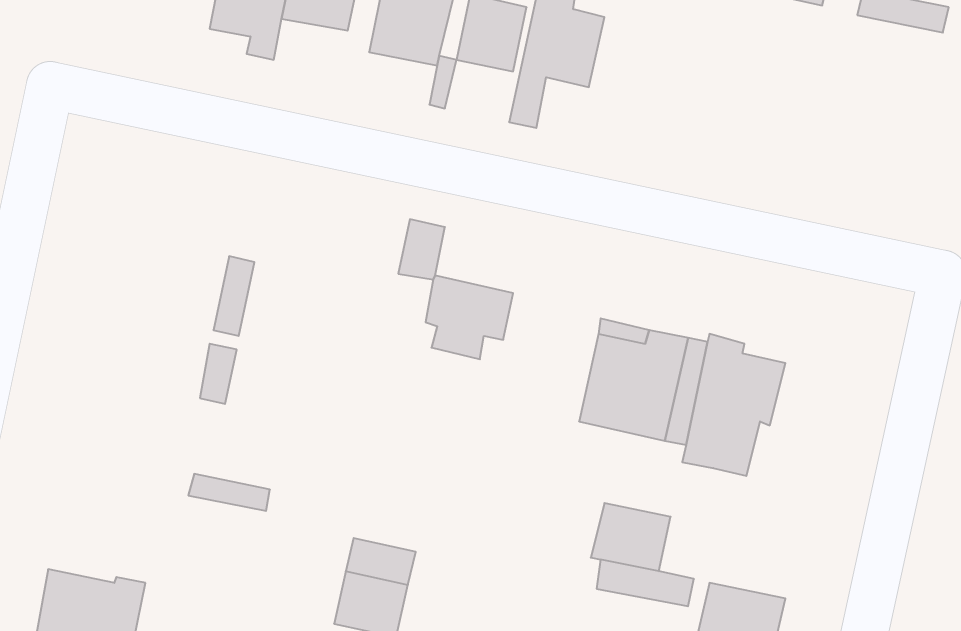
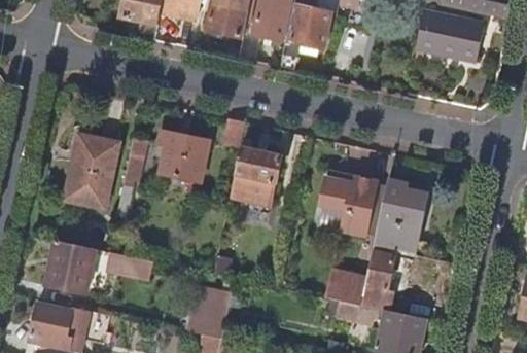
building: none -> [417,13,484,60]
building: none -> [156,131,207,181]
building: none -> [65,136,117,208]
building: none -> [45,241,96,290]
building: none -> [359,247,395,310]

